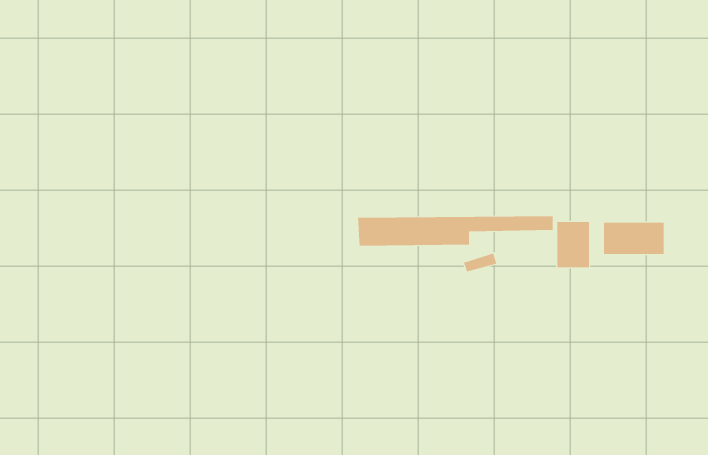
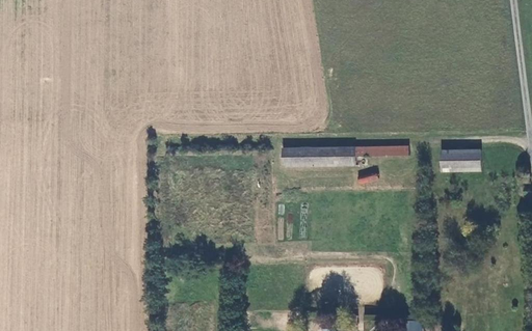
building: [557,221,590,268] -> none

